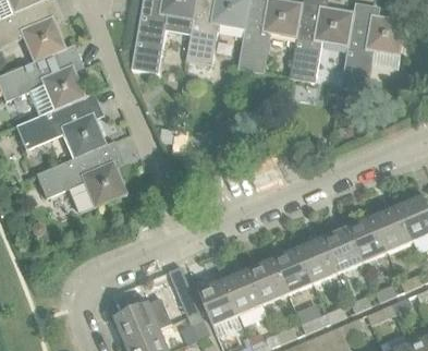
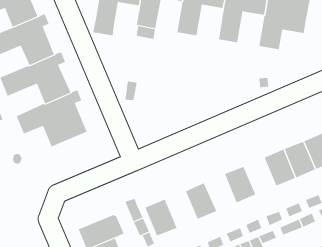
building: [322,226,363,273] -> none
building: [272,246,313,293] -> none
building: [223,268,264,315] -> none

